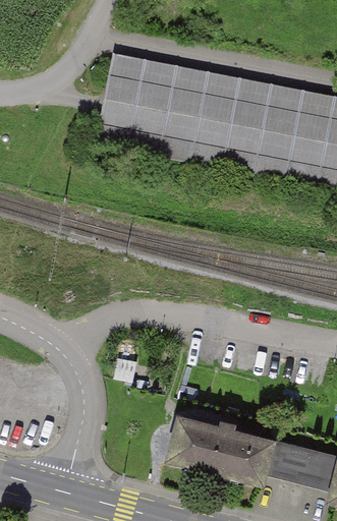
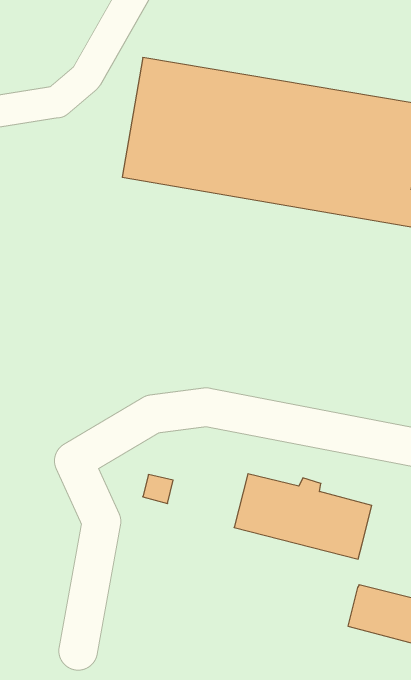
building: [172,420,274,483] -> [234,474,372,559]

